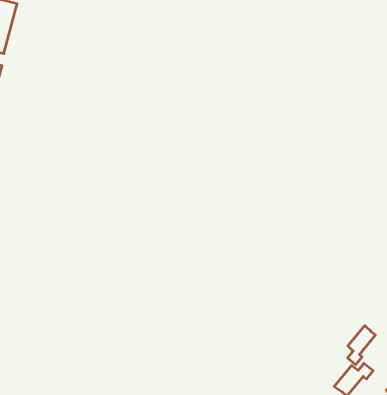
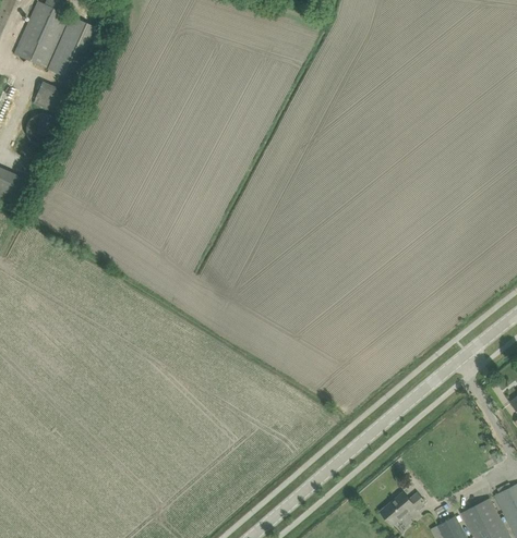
building: [348,326,375,365] -> none

